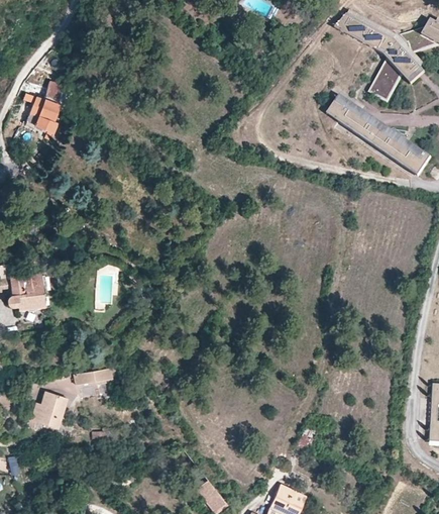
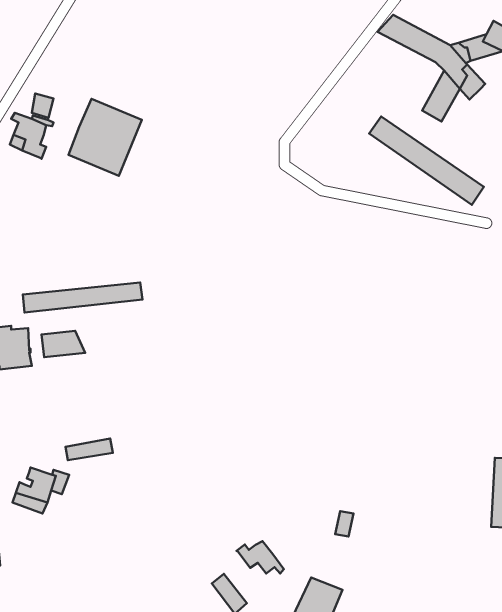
building: none -> [69,99,142,176]
building: [337,94,431,176] -> none
building: none -> [23,282,142,313]
building: none -> [41,331,85,357]
building: none -> [236,541,284,573]

